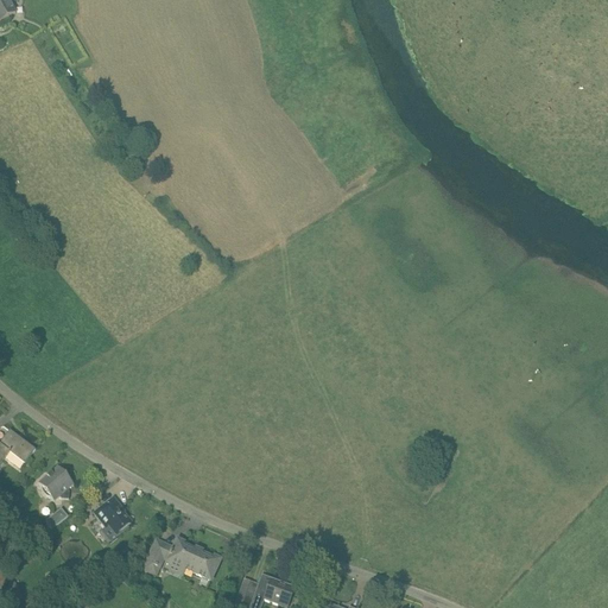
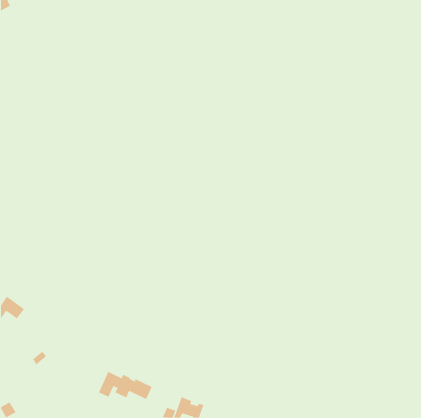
building: [38,463,74,498] -> none
building: [93,495,131,531] -> none

